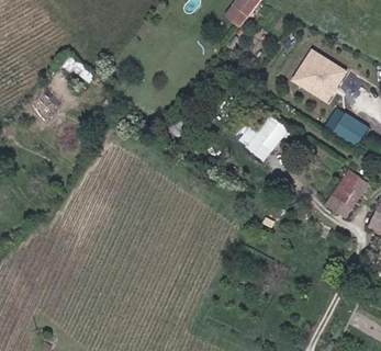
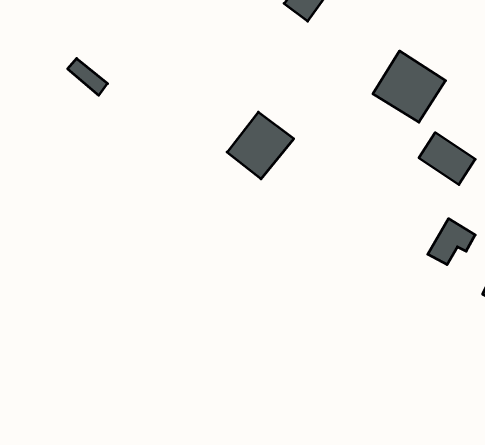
building: [238,111,288,160] -> [227,112,294,179]

